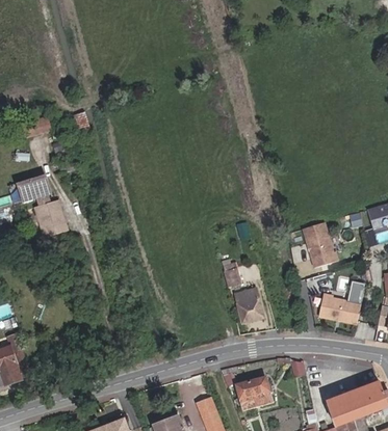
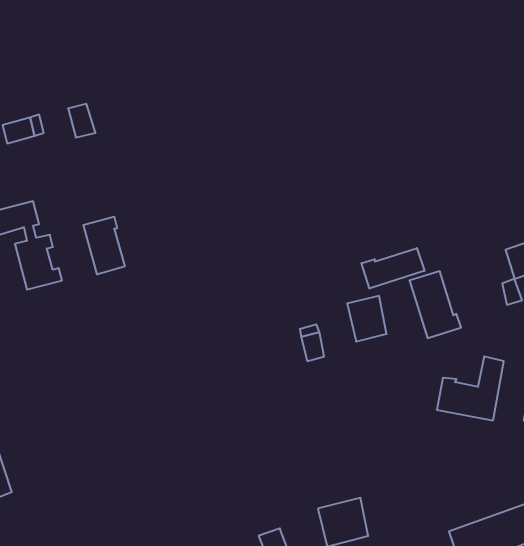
building: none -> [83,217,125,274]
building: none -> [361,248,425,289]
building: [233,289,260,320] -> [347,296,387,342]

